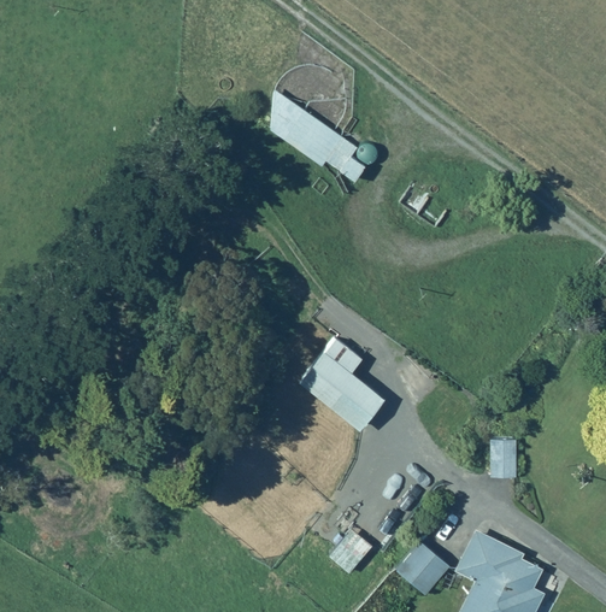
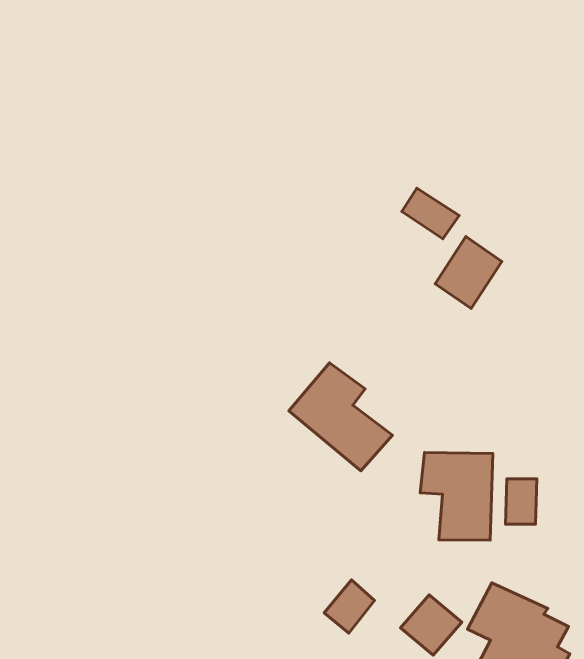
building: [270,89,367,182] -> none
building: none -> [435,237,502,309]
building: none -> [420,452,493,540]

